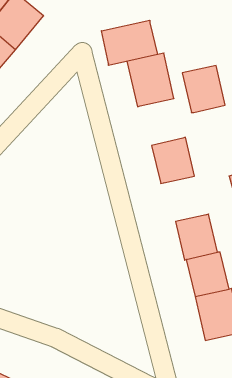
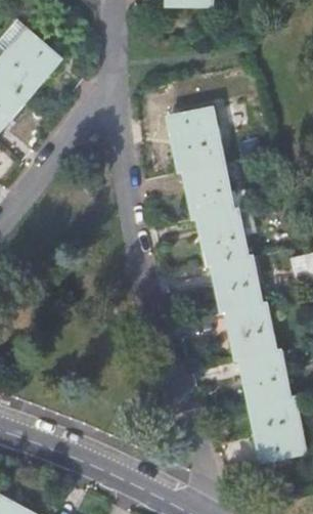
building: [101,20,158,65] -> none
building: [182,66,225,113] -> [181,160,234,218]
building: none -> [211,255,263,313]

